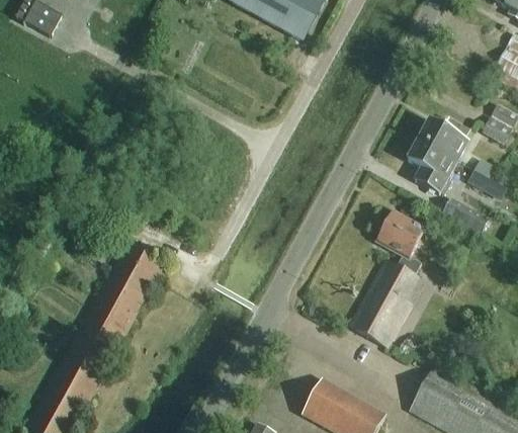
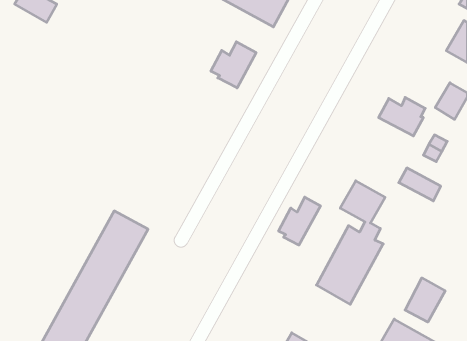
building: none -> [211,42,256,88]
building: [408,142,457,195] -> none
building: none -> [279,197,320,245]
building: none -> [405,278,445,322]

